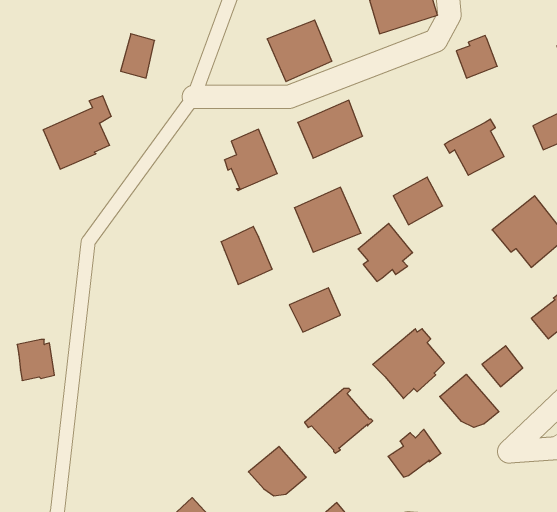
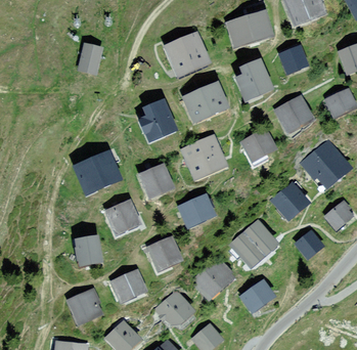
building: none -> [239,62,269,97]
building: [43,96,111,169] -> [78,147,119,191]
building: [358,223,413,281] -> [273,184,306,219]
building: none -> [106,198,138,232]
building: [17,339,54,380] -> [78,239,100,264]
building: none -> [143,238,179,268]
building: [440,374,499,427] -> none
building: none -> [116,272,143,299]
building: none -> [70,292,100,322]

